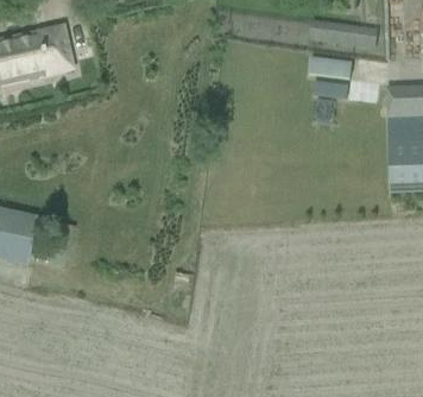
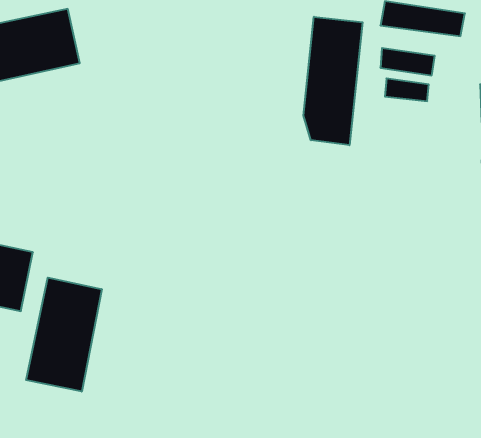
building: none -> [303,17,363,145]
building: none -> [26,278,102,392]

